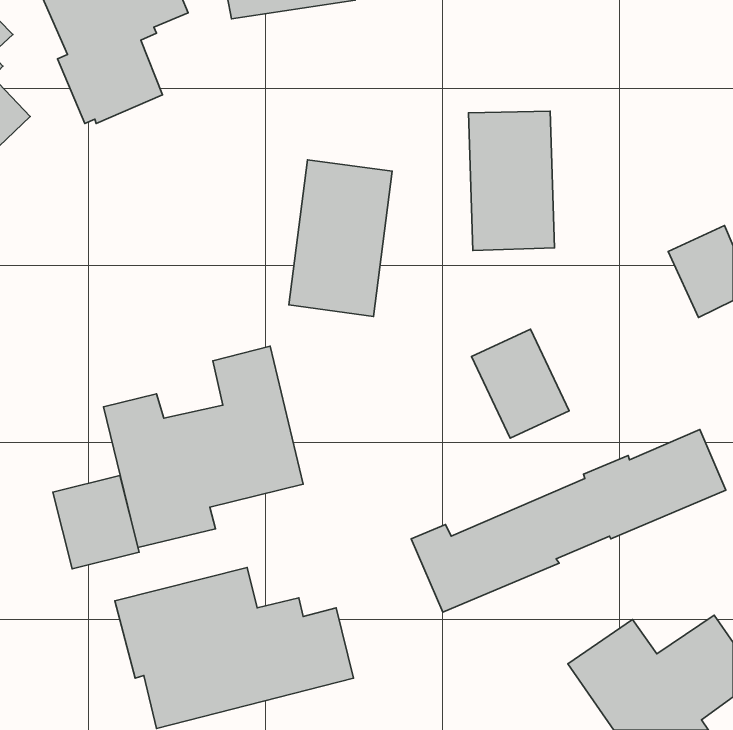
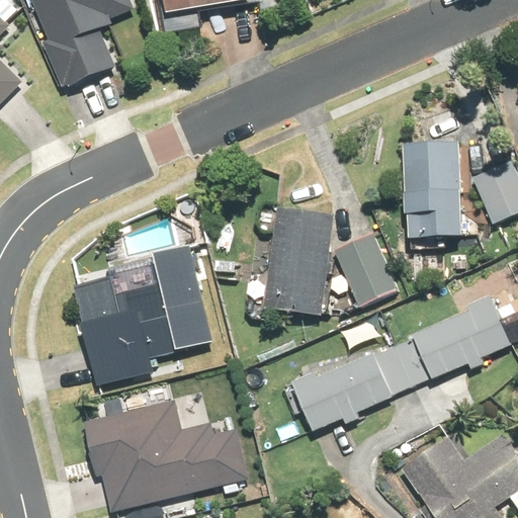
building: [468,111,555,251] -> [401,142,461,240]
building: [289,160,392,316] -> [263,206,336,317]
building: [53,476,139,569] -> none

